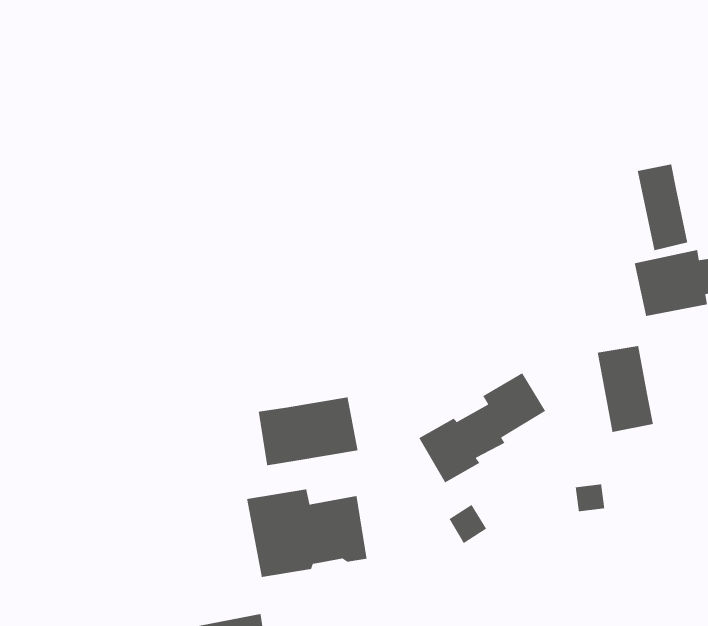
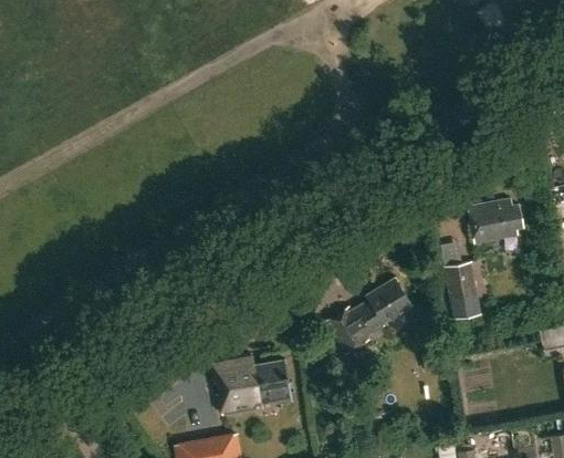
building: [637,164,688,251] -> none
building: [258,397,359,466] -> none

